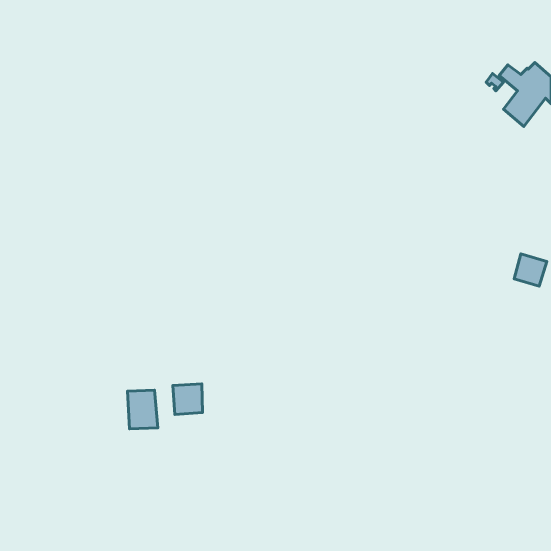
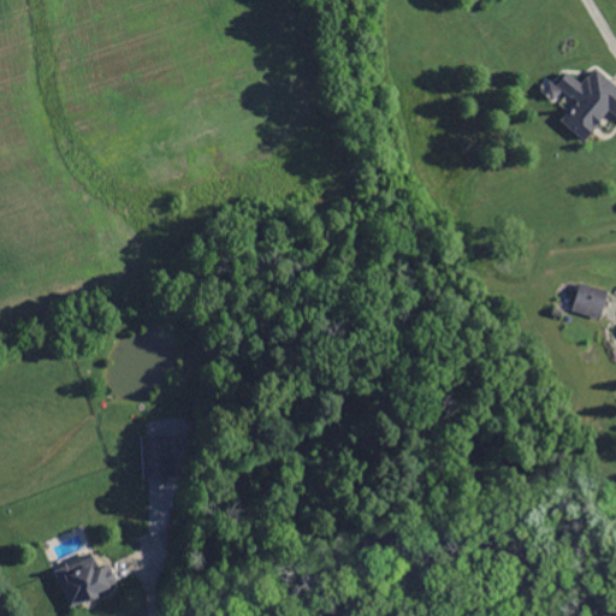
building: [173,384,203,414] -> none
building: none -> [54,555,117,606]

